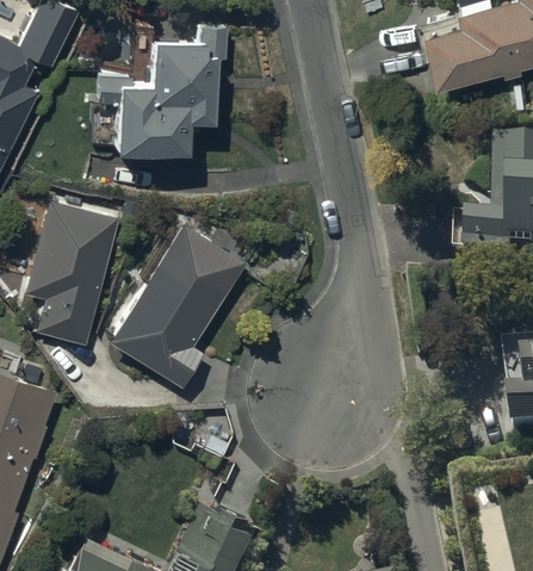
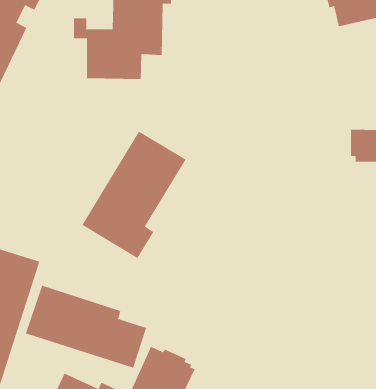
building: [27,200,118,343] -> none
building: none -> [25,285,147,369]

